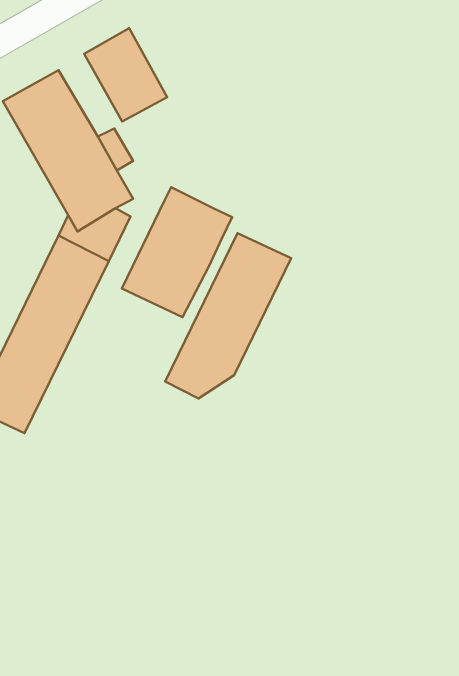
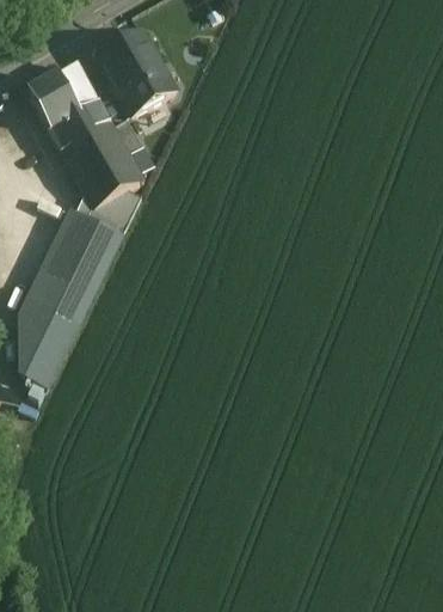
building: [122,187,232,317] -> none
building: [165,233,291,399] -> none

